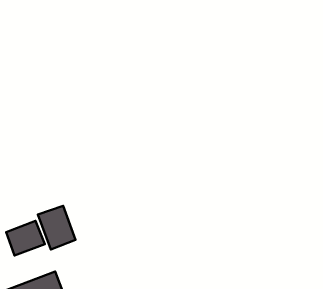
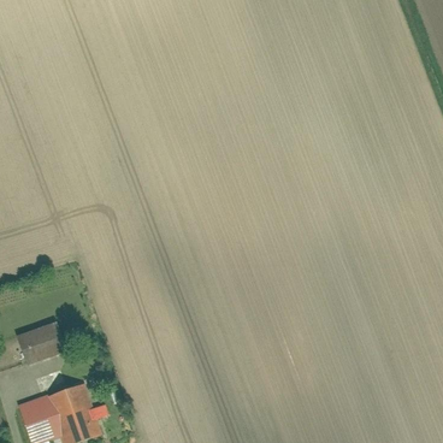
building: [38,206,75,250] -> none

